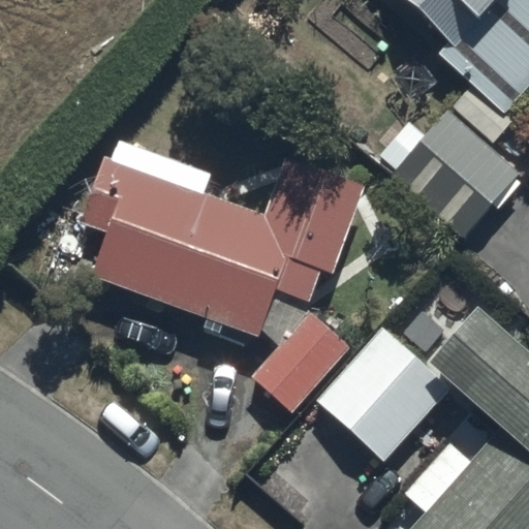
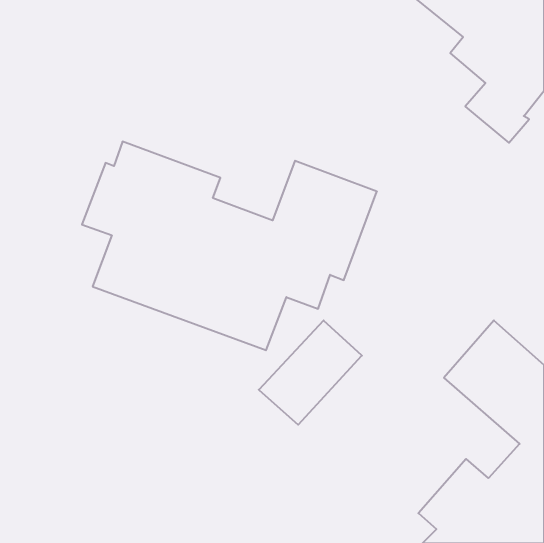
building: [379,110,521,239] -> none
building: [314,326,449,462] -> none

